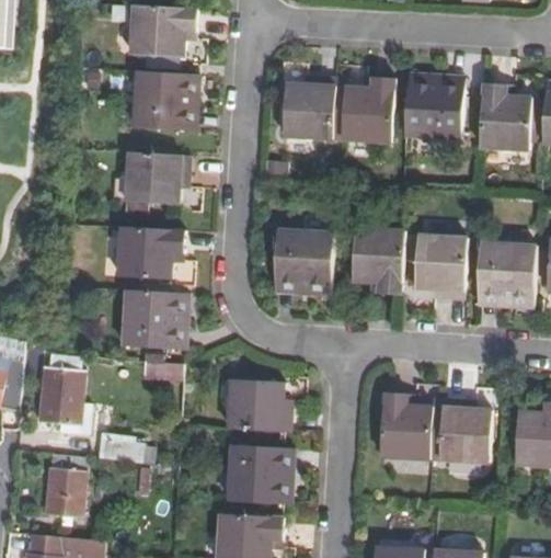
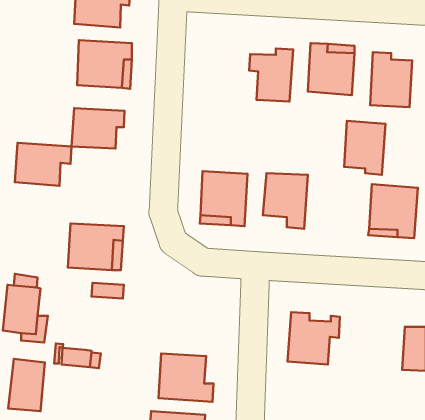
building: [275,80,346,143] -> none
building: [114,228,182,280] -> [15,143,72,186]
building: [417,236,467,300] -> [344,121,385,175]
building: [228,380,288,432] -> none
building: [429,402,489,463] -> none

